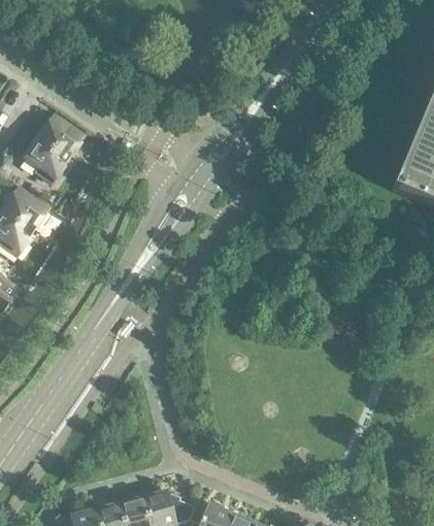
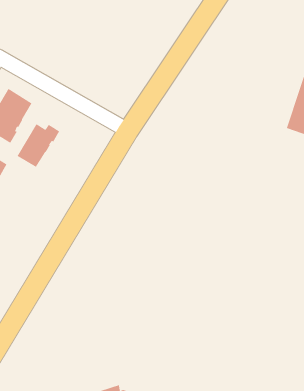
building: none -> [16,123,60,168]

